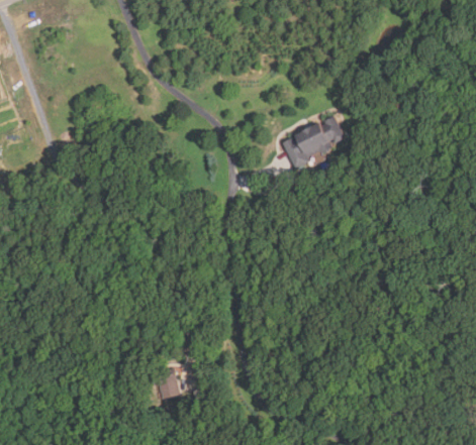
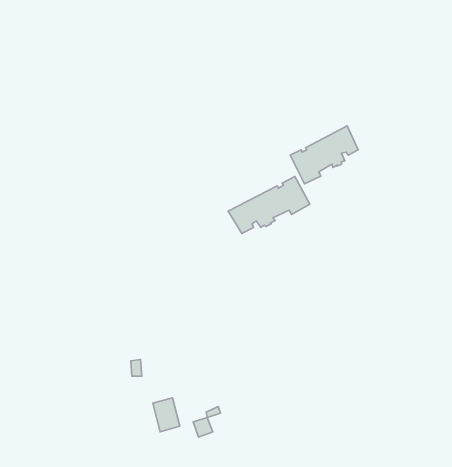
building: none -> [228,176,310,233]

